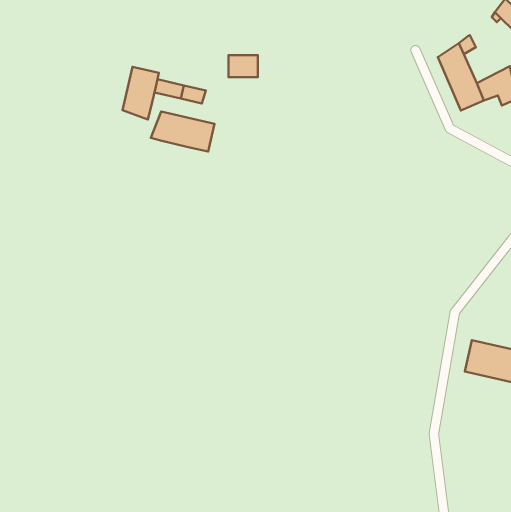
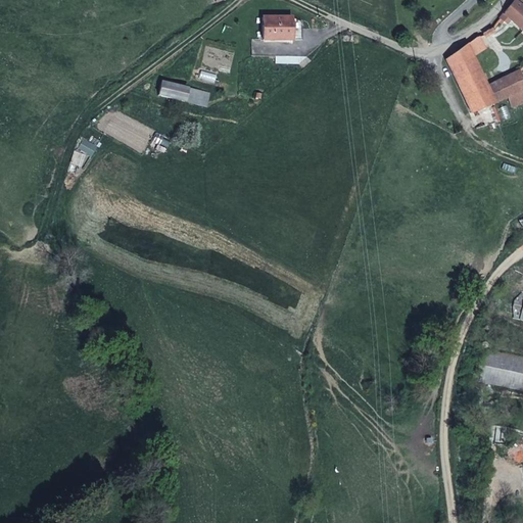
building: [229,55,258,77] -> [264,16,293,39]
building: [123,67,159,119] -> none
building: [151,112,214,151] -> none

